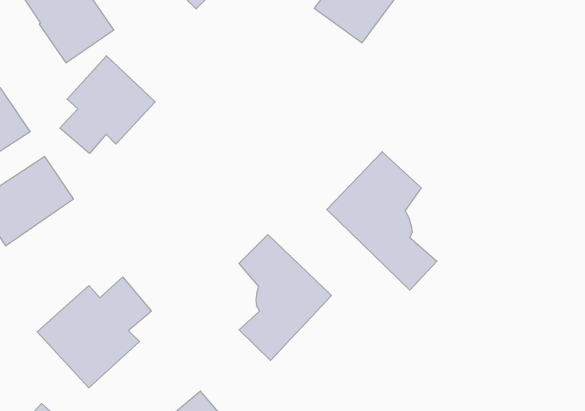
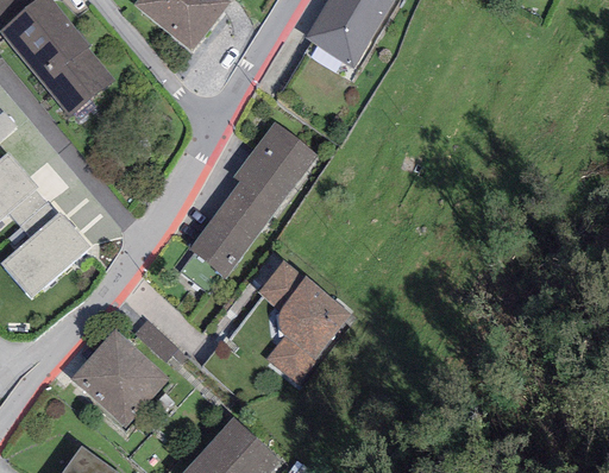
building: [60,56,155,153] -> none
building: none -> [178,121,315,292]
building: [327,152,437,290] -> none

